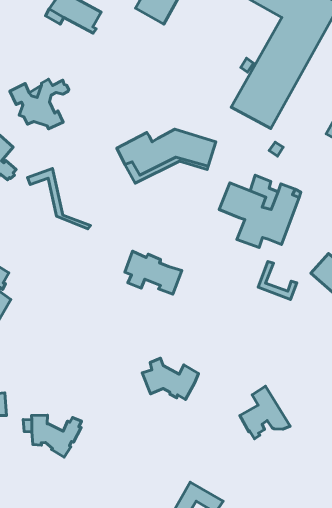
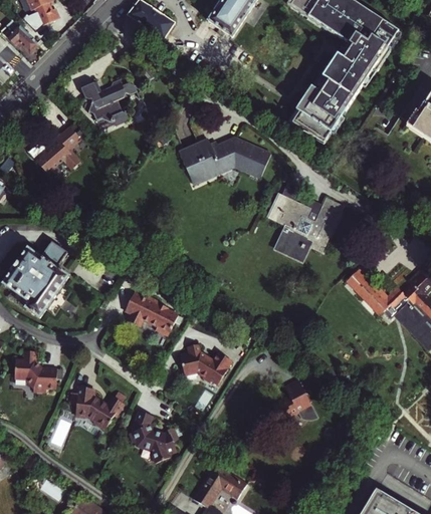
building: [28,168,90,229] -> none
building: [125,251,182,294] -> [125,294,178,337]
building: [258,261,297,300] -> [276,222,312,259]
building: none -> [127,414,176,468]

